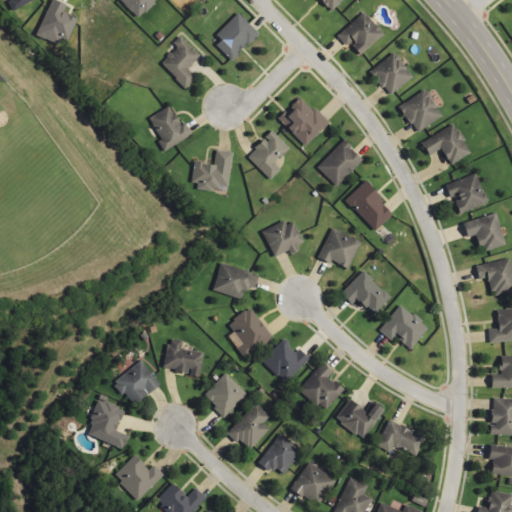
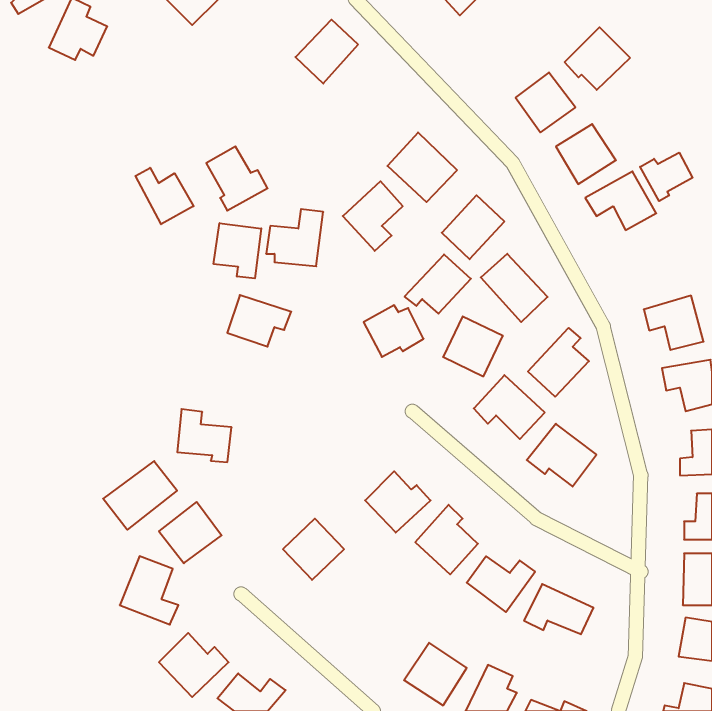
building: [337,11,384,56] -> [565,27,630,90]
building: [160,36,200,88] -> none
building: none -> [640,153,693,201]
building: none -> [135,168,194,224]
building: none -> [214,223,261,278]
building: [446,173,487,213] -> none
building: none -> [405,254,471,314]
building: none -> [528,328,589,397]
building: [212,262,258,299] -> [227,295,291,347]
building: [228,307,271,356] -> none
building: none -> [103,461,177,530]
building: [164,338,203,376] -> [177,409,232,462]
building: [228,402,270,450] -> none
building: [257,433,302,474] -> none

